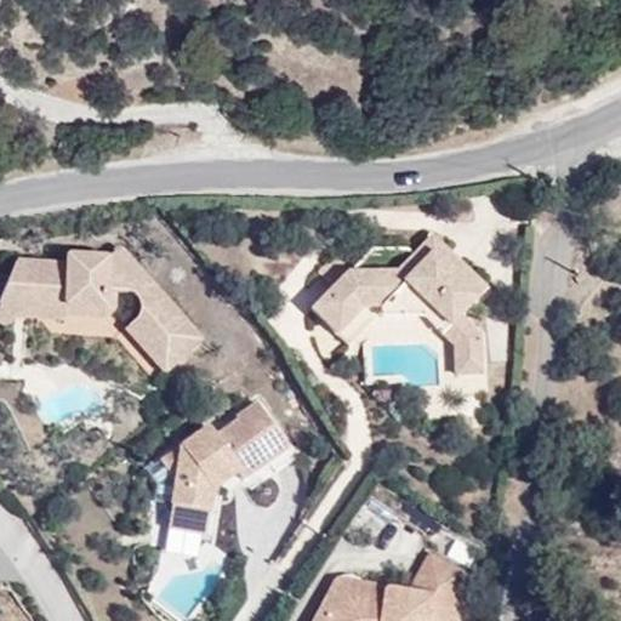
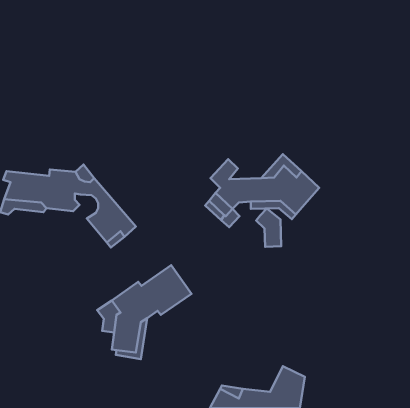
building: [441,313,479,371] -> [256,208,281,247]

